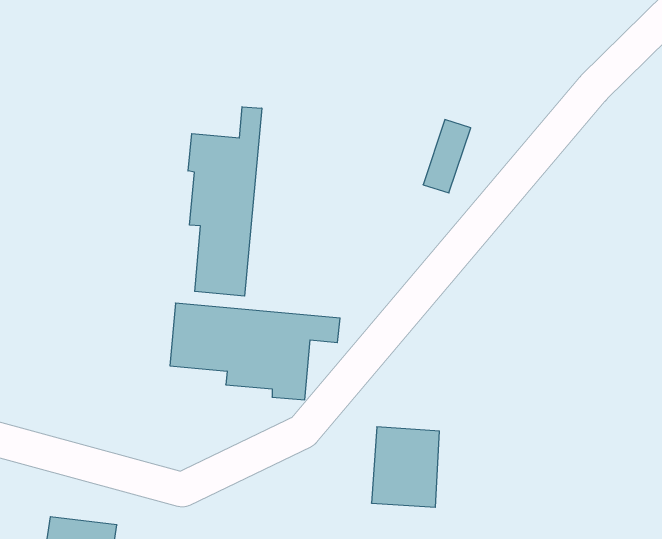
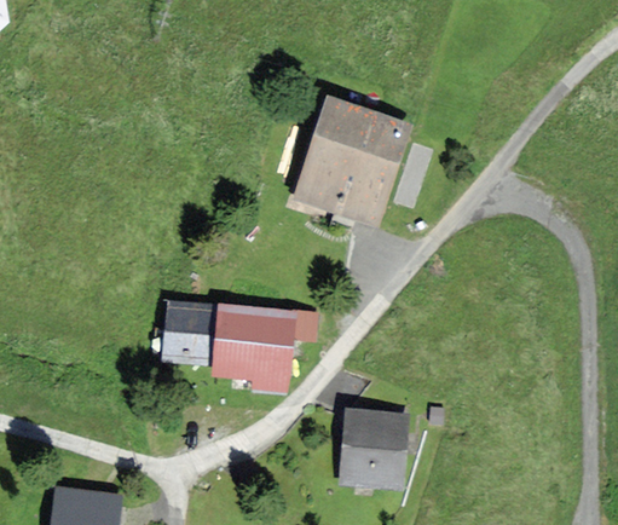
building: none -> [295,98,406,221]
building: [188,107,262,296] -> none

